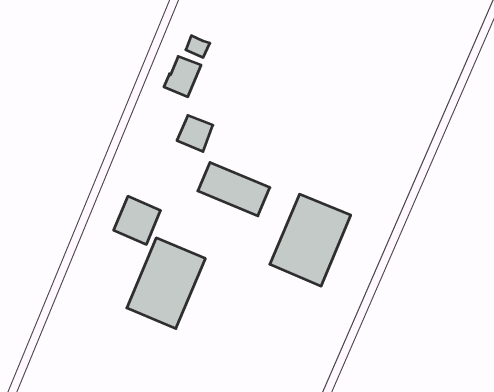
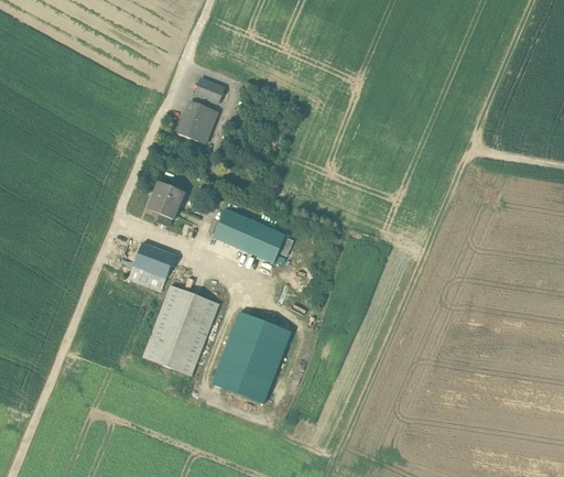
building: [177,115,213,152] -> [148,182,184,218]
building: [270,194,351,286] -> [210,311,292,403]

